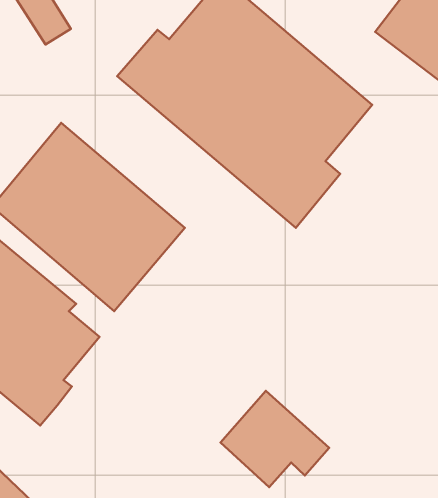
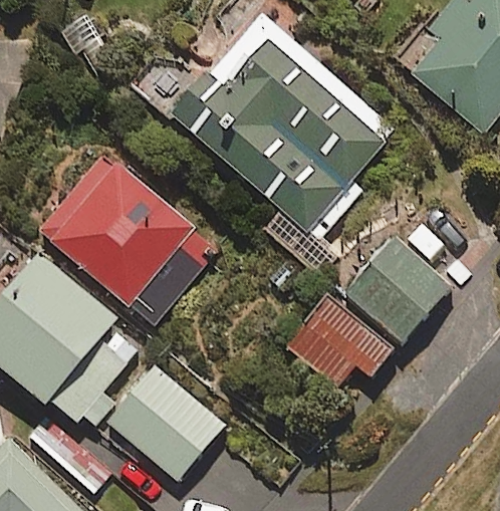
building: none -> [343,236,450,342]
building: none -> [100,359,226,482]
building: [220,391,329,487] -> [287,295,391,387]

